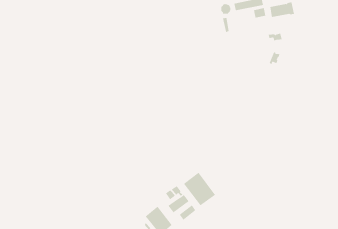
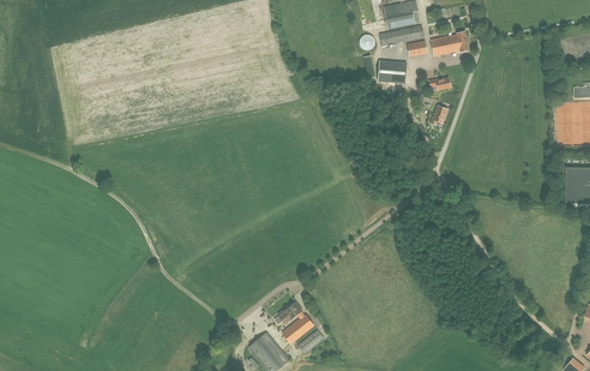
building: none -> [377,60,405,82]
building: [183,172,216,206] -> none

